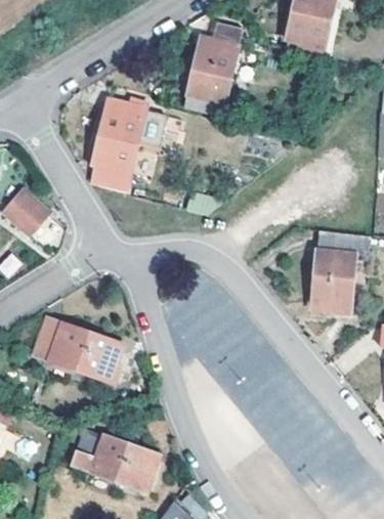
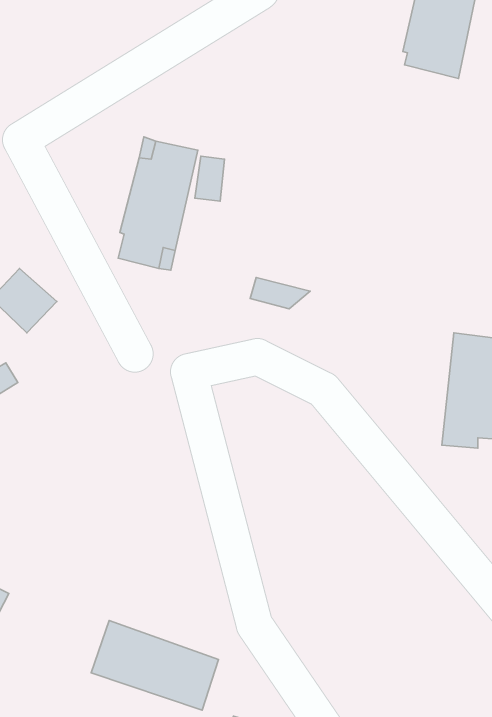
building: [183,23,241,116] -> none
building: [33,317,124,382] -> none

